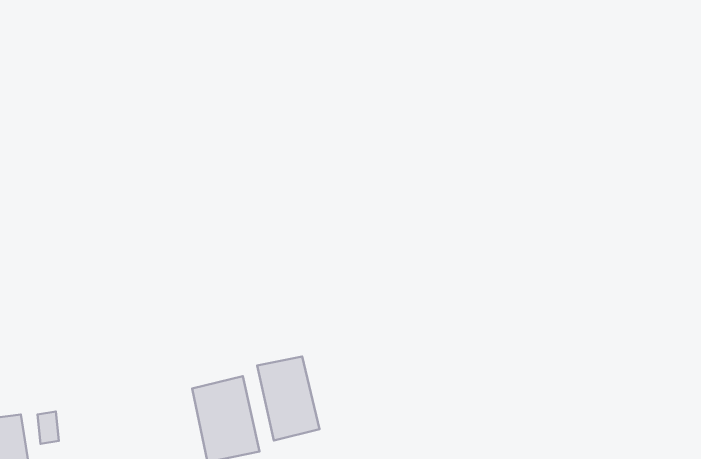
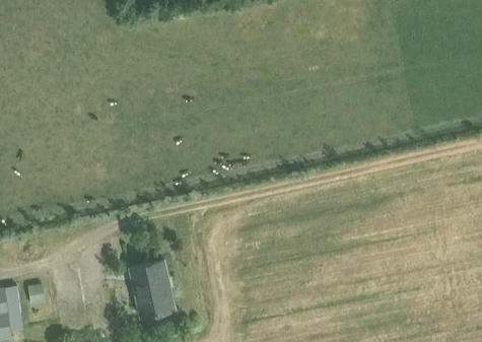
building: [257,356,320,440] -> none

